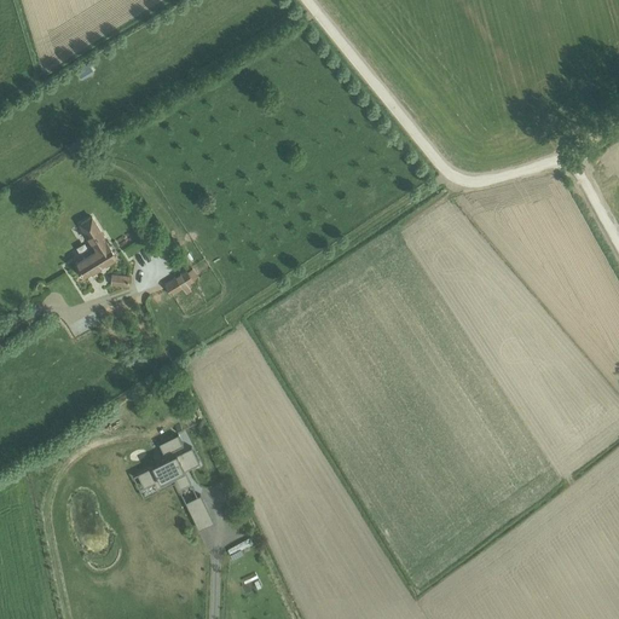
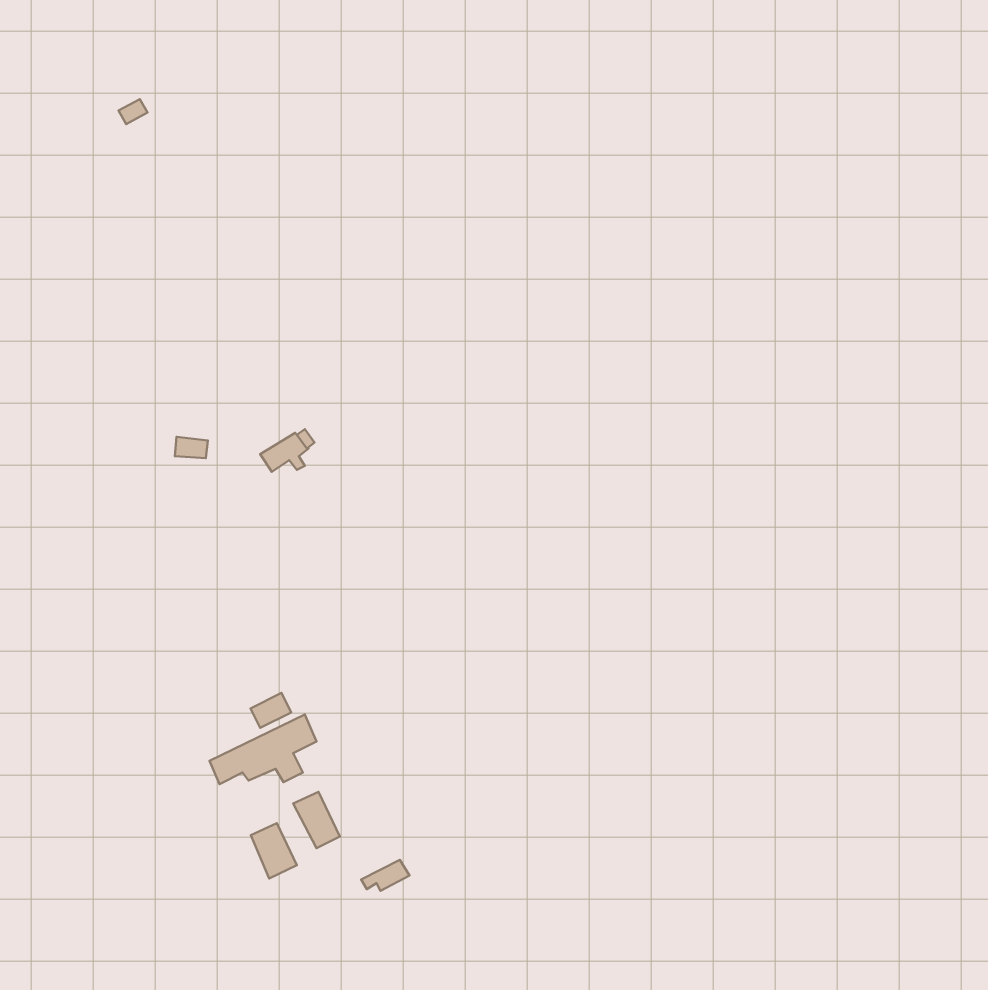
building: [74,215,116,276] -> none
building: none -> [251,823,297,879]

